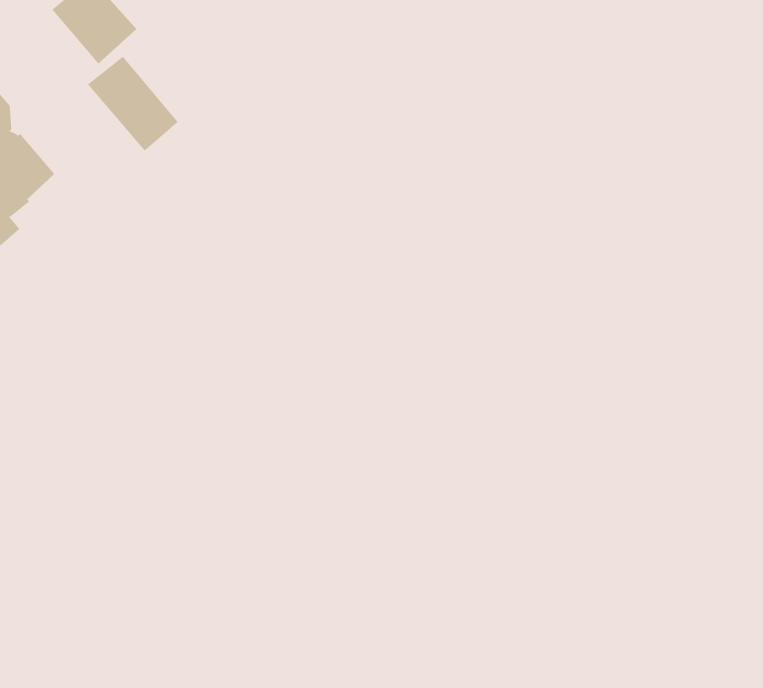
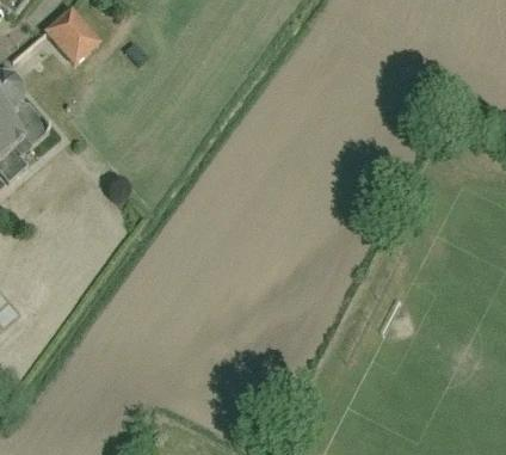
building: [87,56,178,151] -> none

